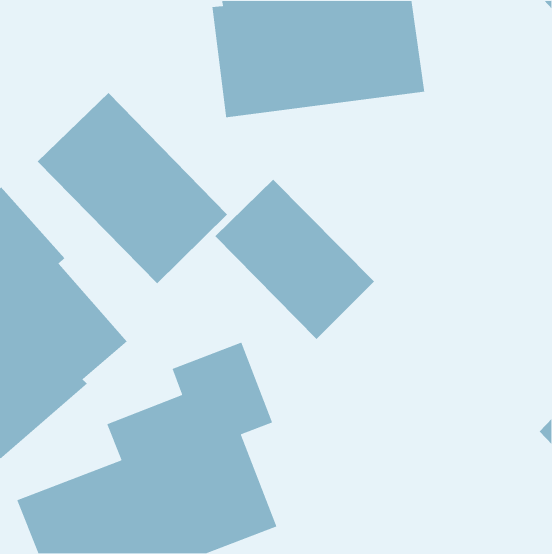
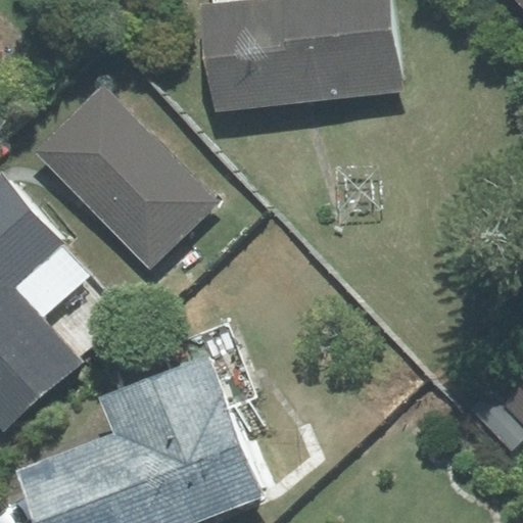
building: [215,179,375,340] -> none

